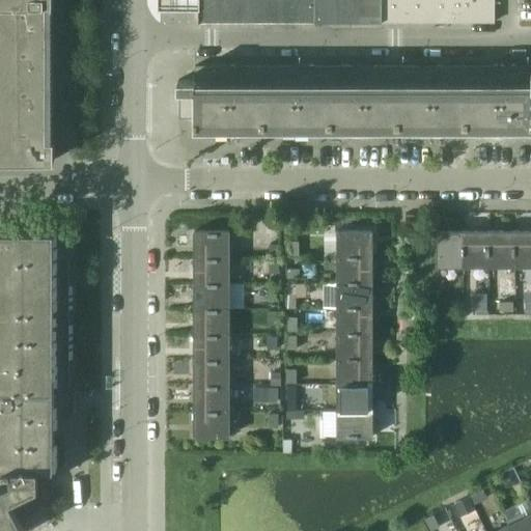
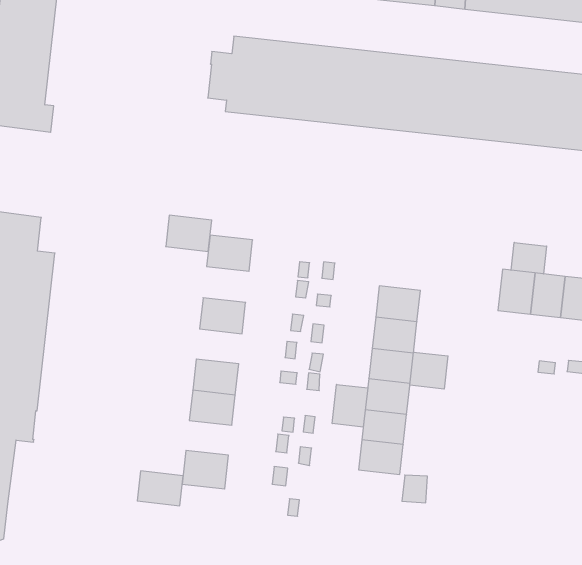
building: none -> [511,242,547,274]
building: [337,231,371,257] -> none
building: [194,257,229,283] -> [166,215,212,251]
building: none -> [410,352,448,389]
building: [194,309,229,334] -> none
building: none -> [332,384,368,427]
building: [194,385,229,410] -> [137,471,183,506]
building: [337,410,372,438] -> none

